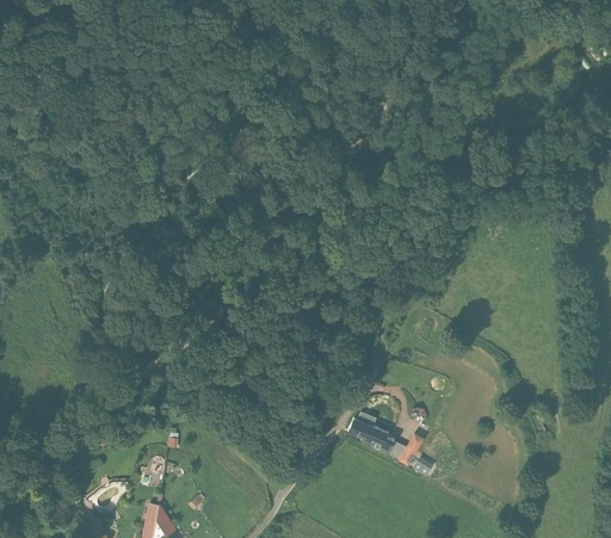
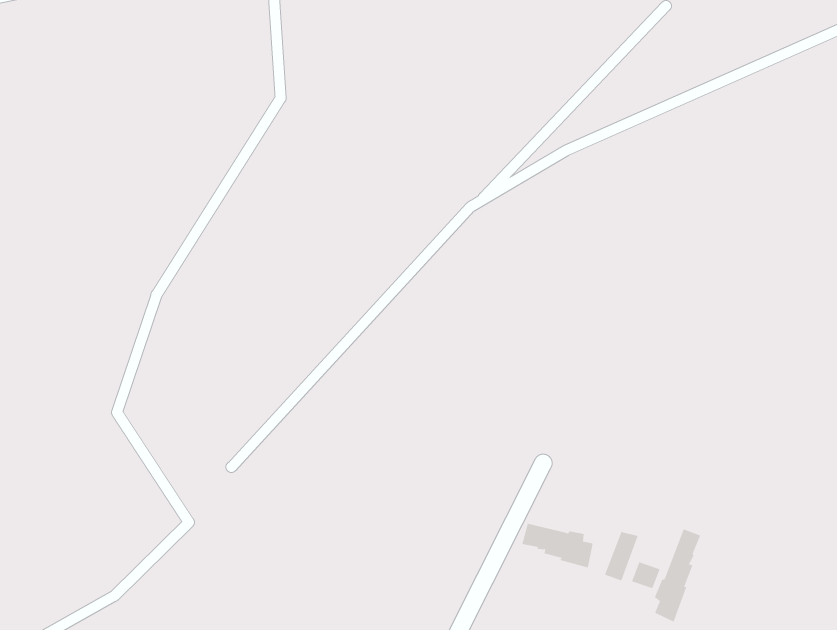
building: none -> [654,529,701,623]

